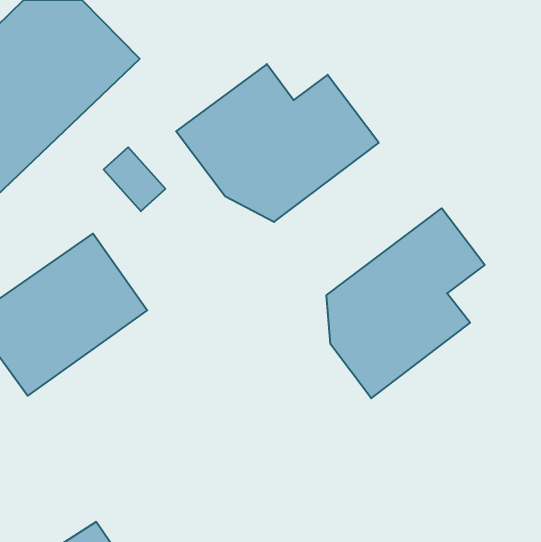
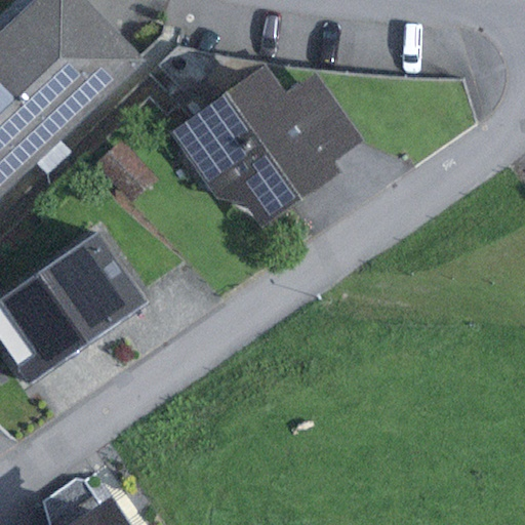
building: [326,208,485,398] -> none

